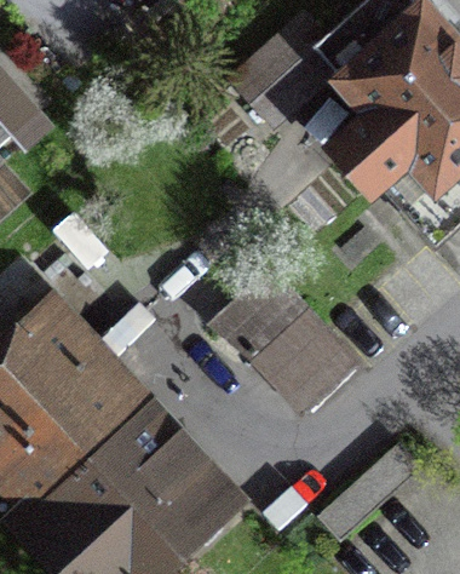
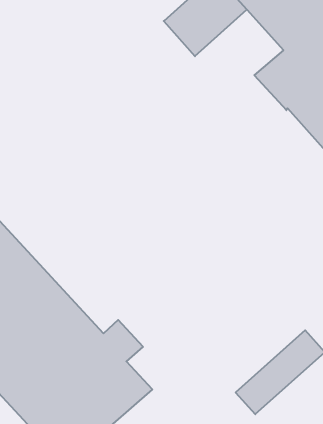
building: [214,270,356,408] -> none

